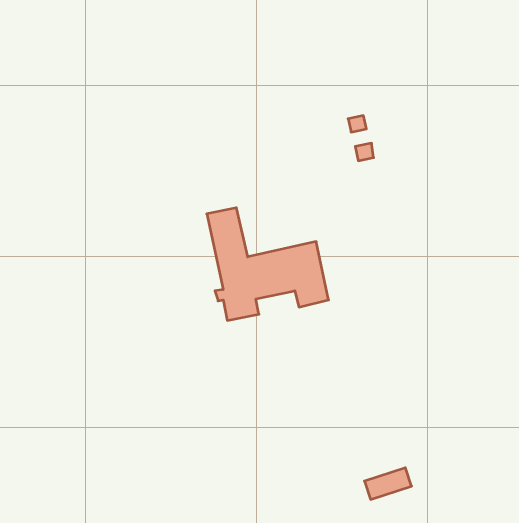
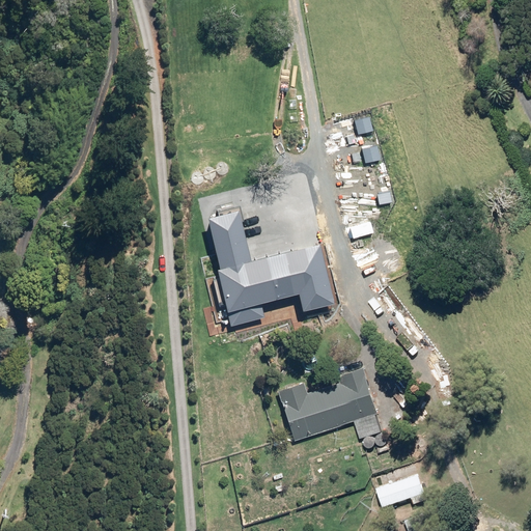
building: none -> [276,368,380,441]

